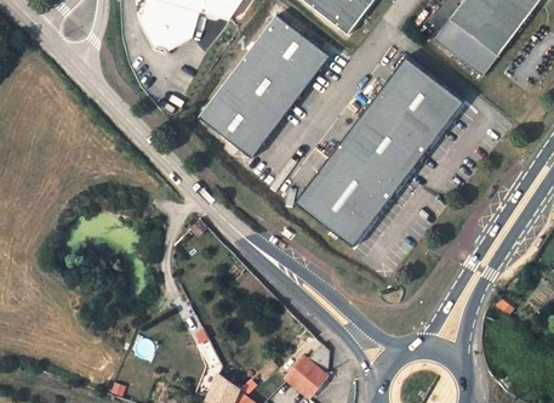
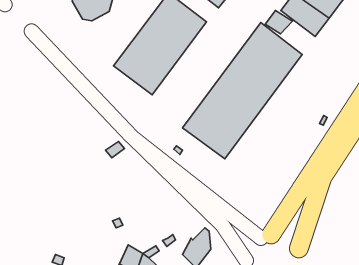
building: none -> [265,11,292,34]

